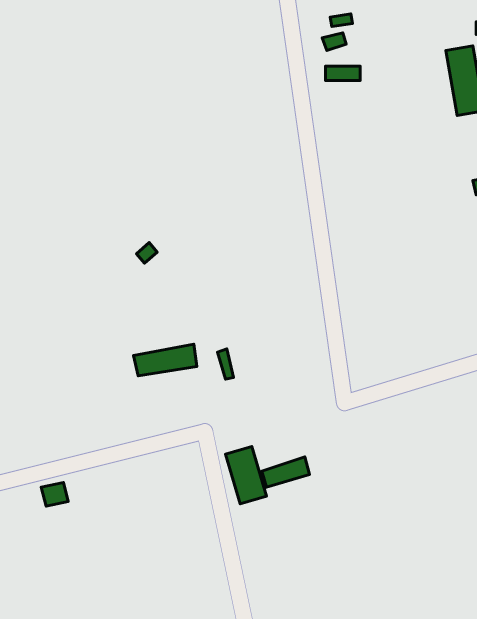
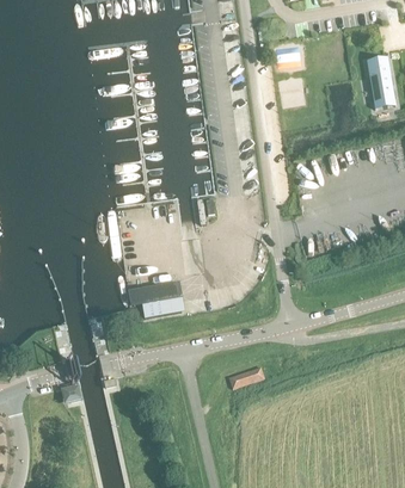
building: [225,446,267,504] -> none

